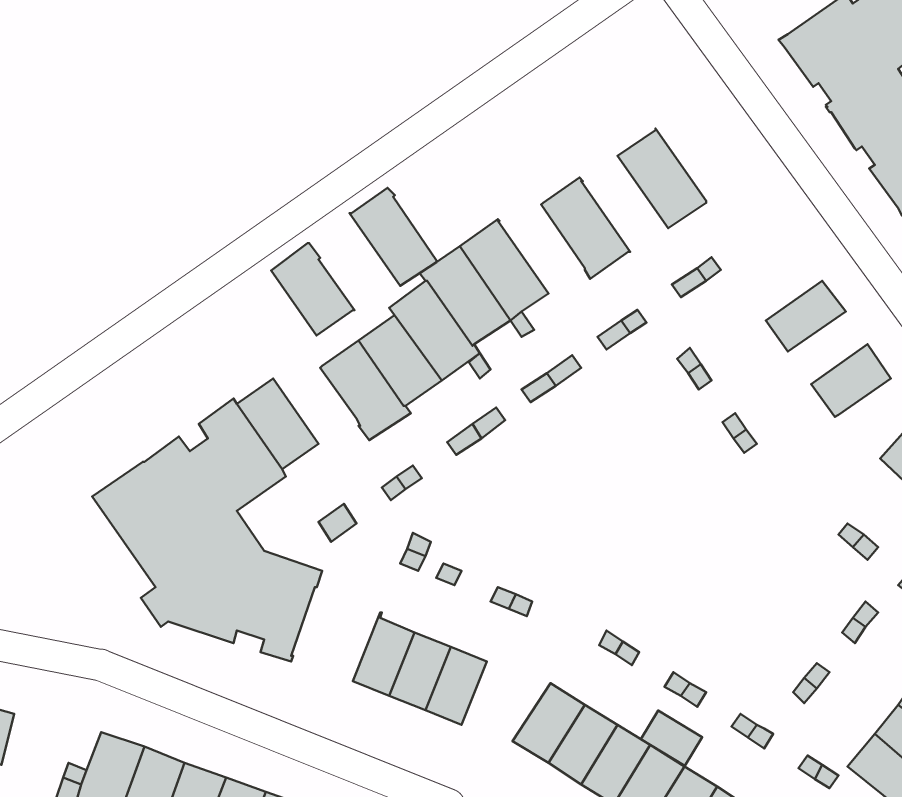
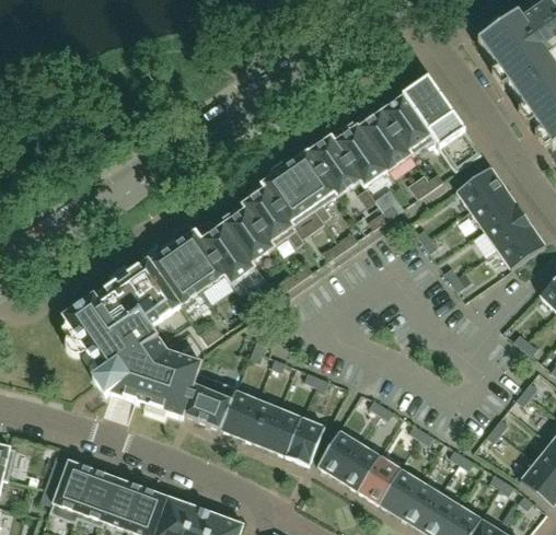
building: none -> [403,78,482,171]
building: none -> [359,112,412,172]
building: [350,188,437,286] -> [309,136,361,195]
building: [271,243,355,336] -> [173,230,223,286]
building: none -> [456,166,505,211]
building: none -> [484,206,532,249]
building: none -> [184,372,238,429]
building: none -> [286,417,325,465]
building: [641,710,702,766] -> none

